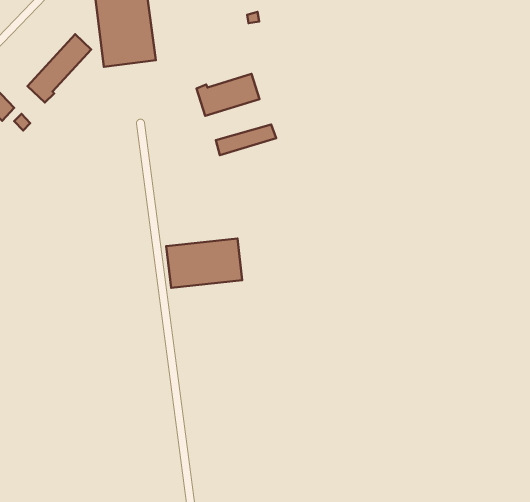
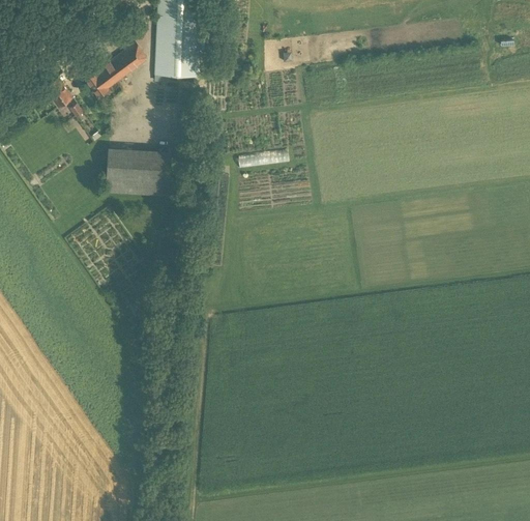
building: [196,74,260,116] -> none
building: [166,239,242,288] -> [106,154,170,195]

